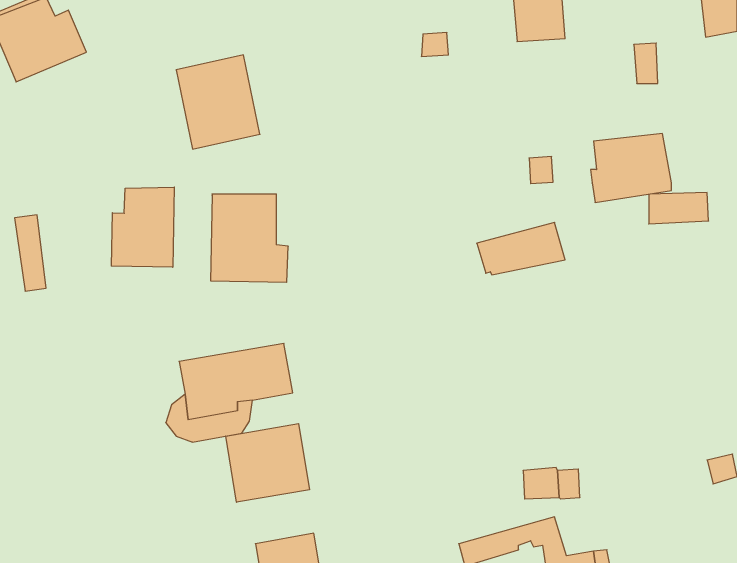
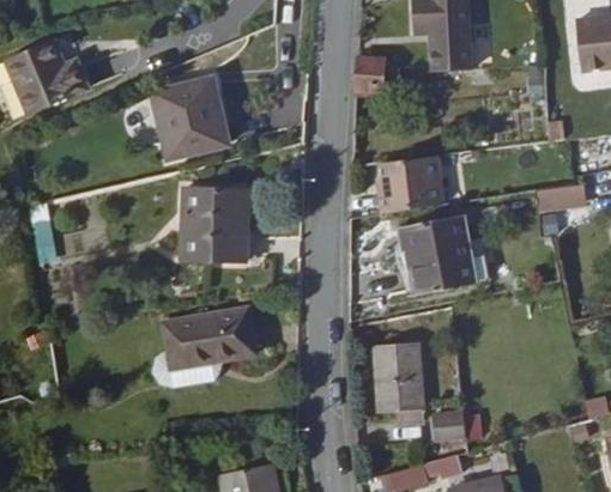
building: [591,134,671,202] -> [376,154,441,209]
building: [111,187,174,267] -> none
building: none -> [411,245,478,294]
building: none -> [377,339,429,418]
building: [226,424,309,502] -> none

